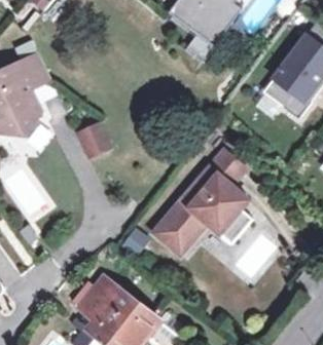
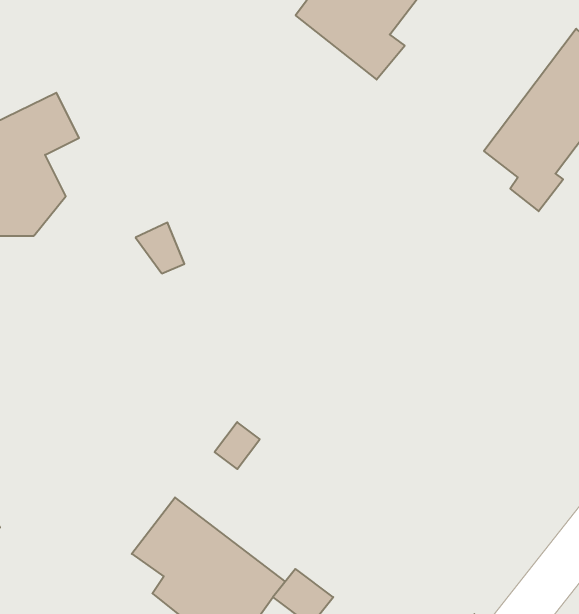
building: [152,148,252,254] -> none

